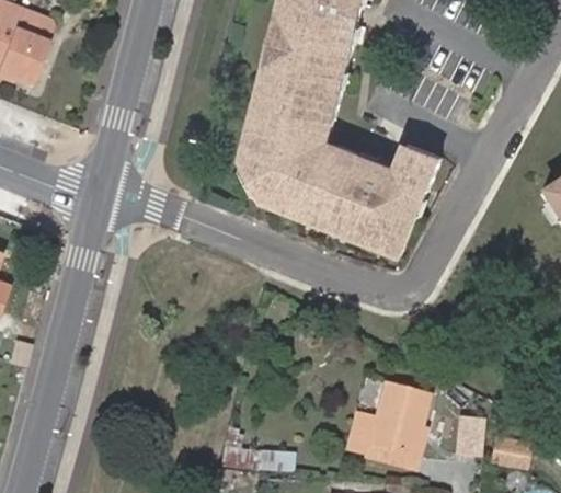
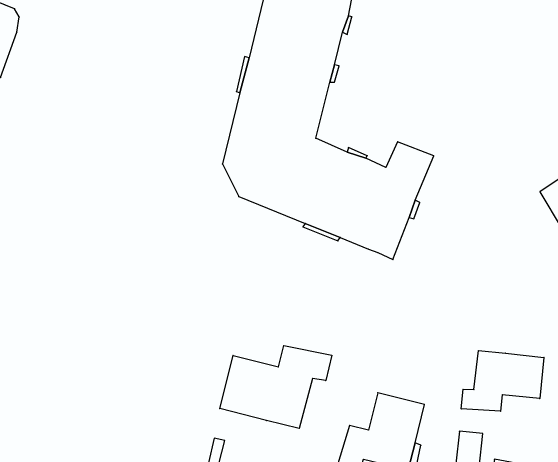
building: none -> [220,346,332,428]
building: none -> [461,351,544,411]

